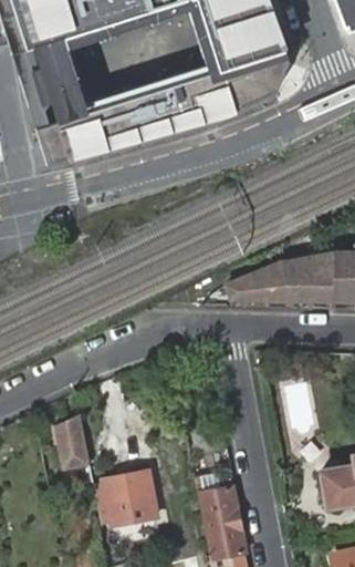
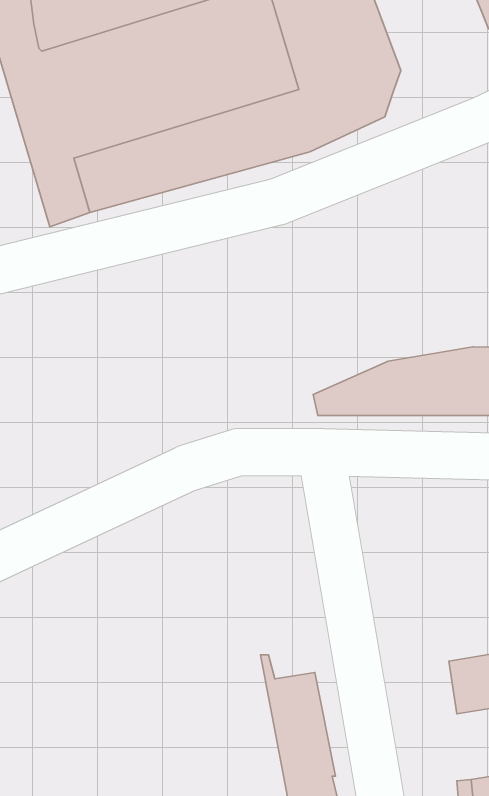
building: [56,411,92,467] -> none
building: [94,467,159,525] -> none

